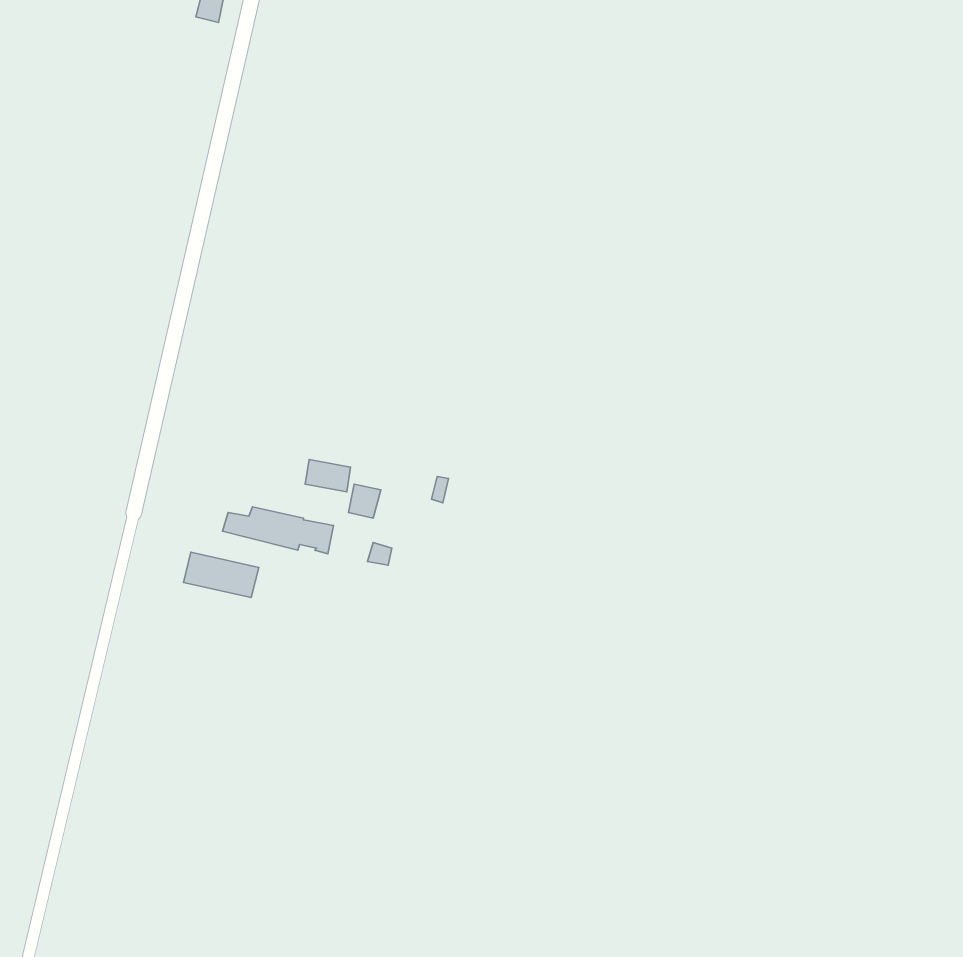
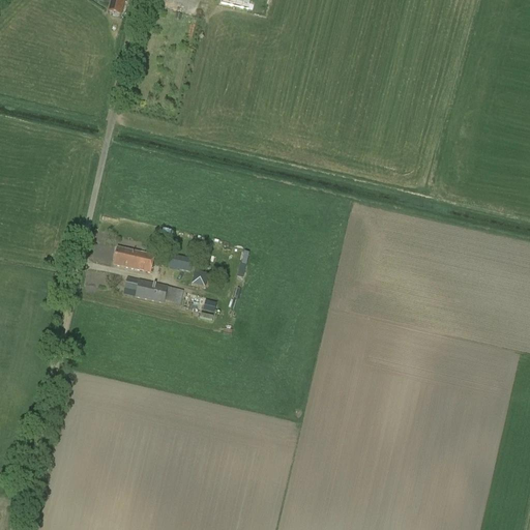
building: [183,552,259,598] -> [113,246,154,271]

